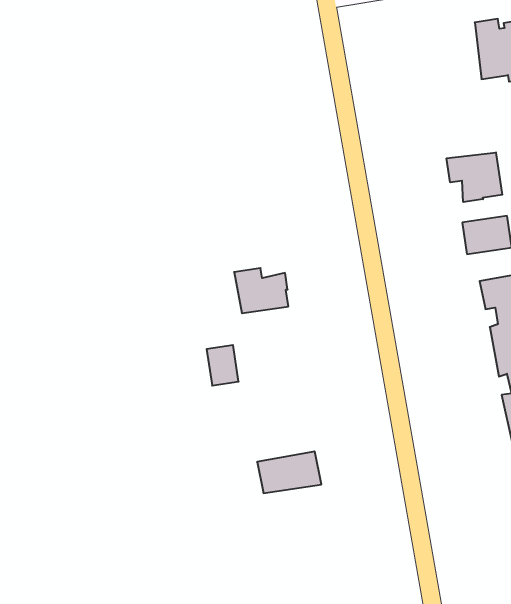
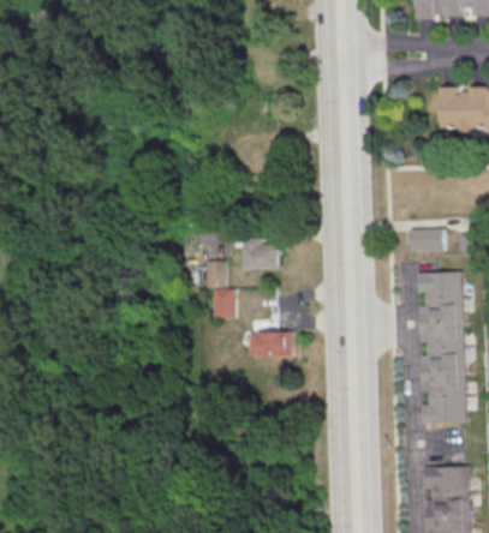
building: [447,152,502,202] -> none
building: none -> [208,262,227,288]
building: [257,451,321,493] -> [251,333,294,357]

